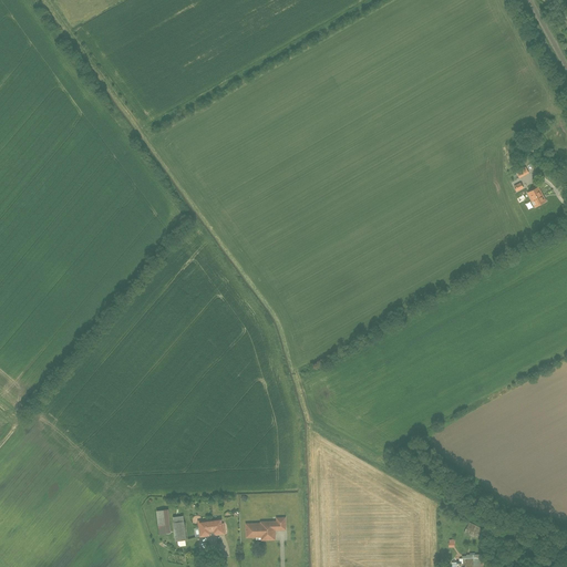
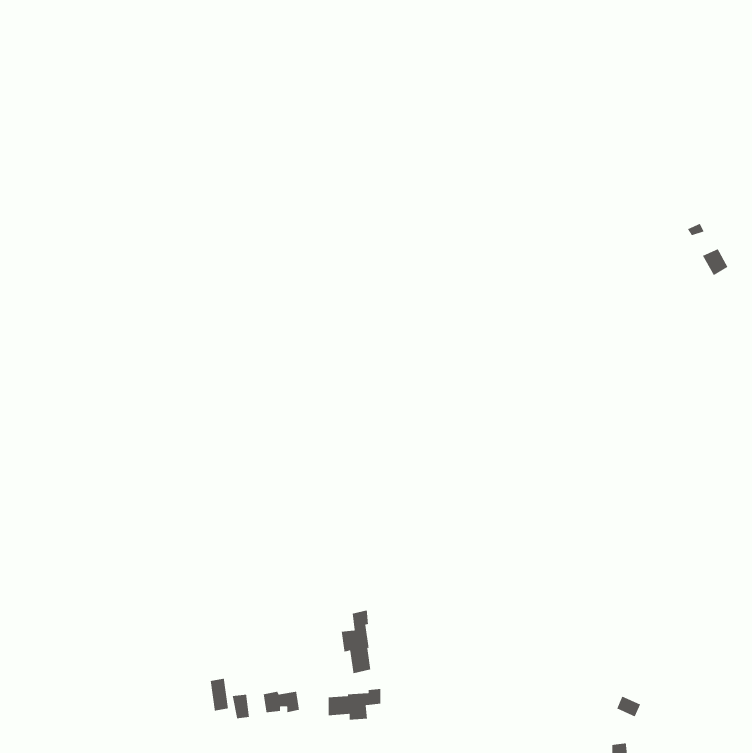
building: none -> [341,610,371,674]

